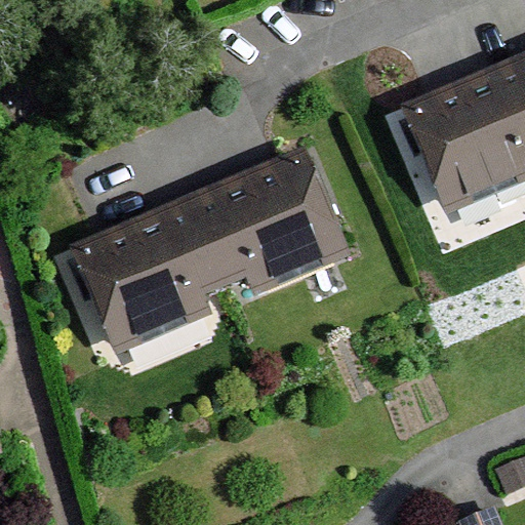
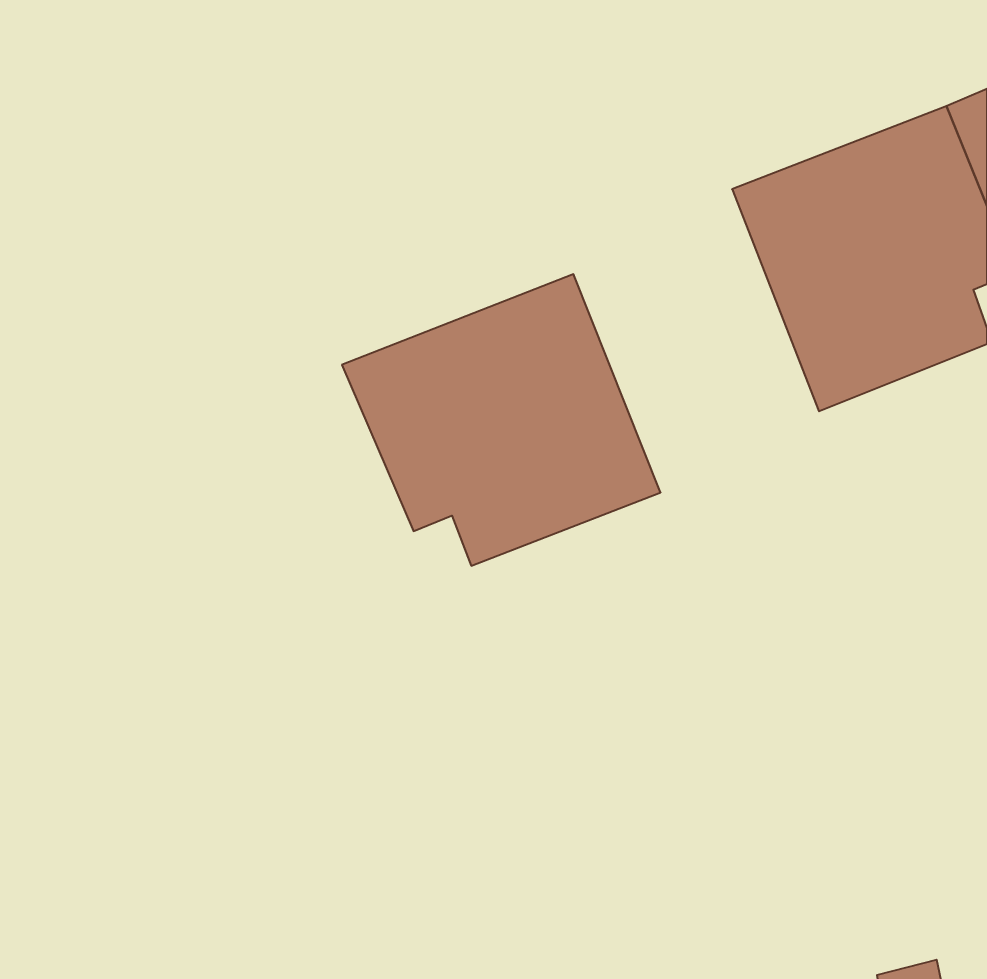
building: [68,198,219,360] -> none

